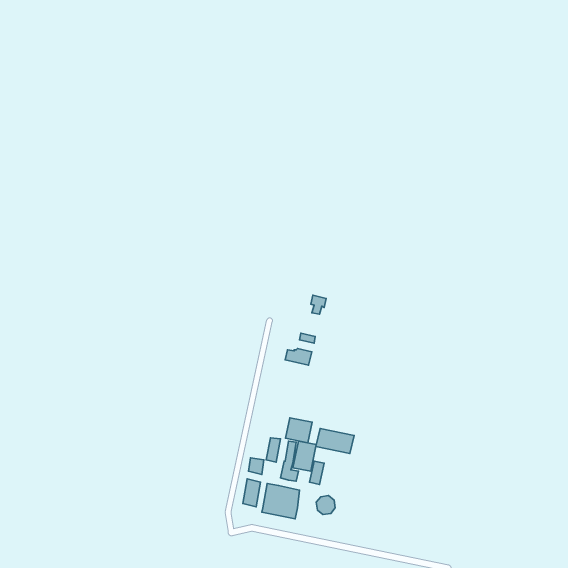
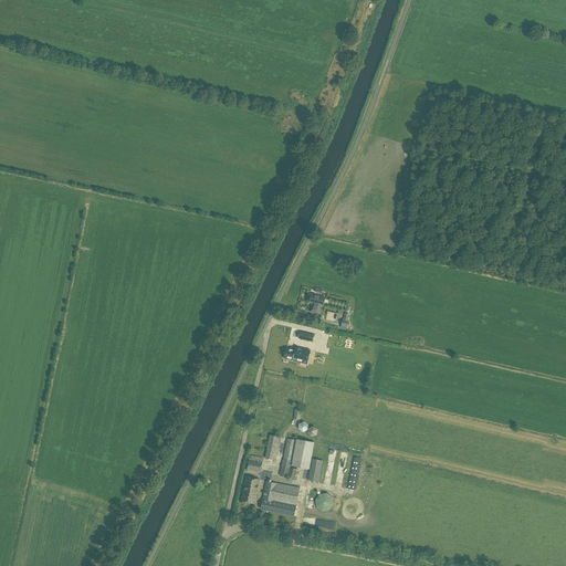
building: [285,418,312,443] -> none
building: [316,428,354,454] -> none

